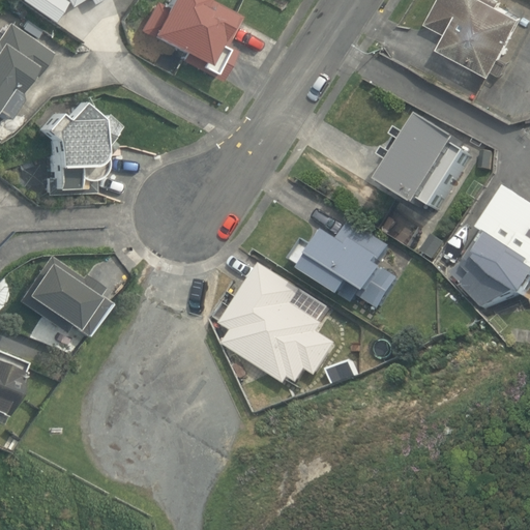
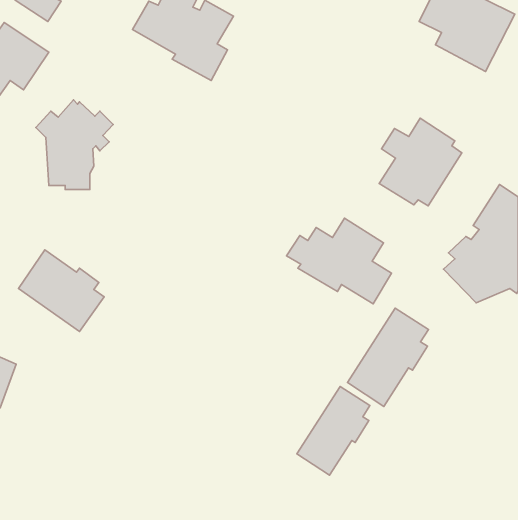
building: [219,261,337,383] -> none
building: none -> [347,308,428,407]
building: none -> [297,387,370,475]

